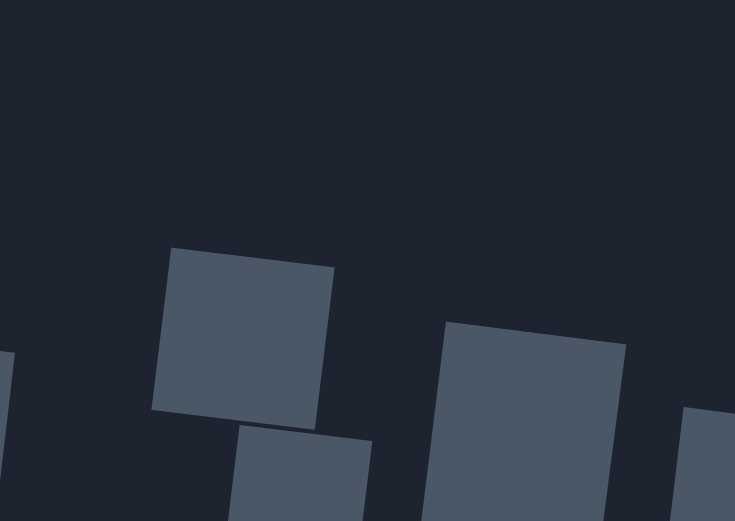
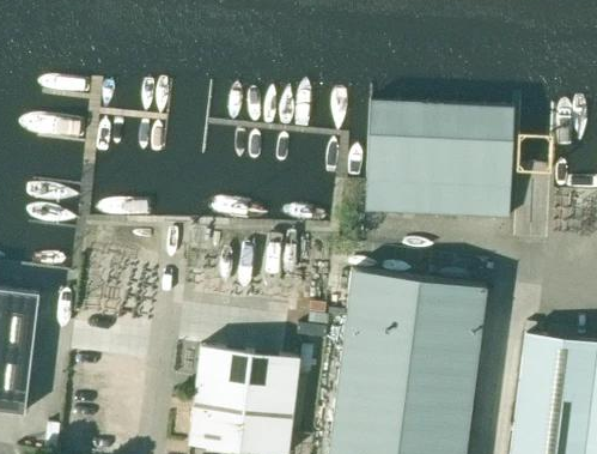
building: none -> [366,102,513,218]
building: [151,247,335,431] -> none

